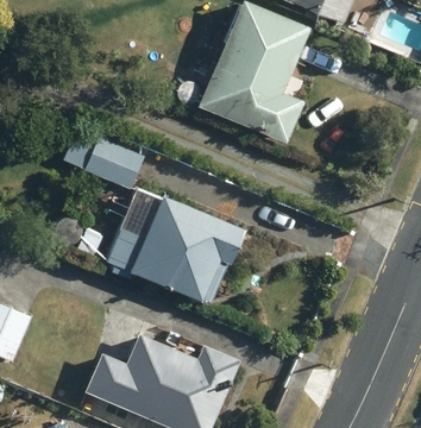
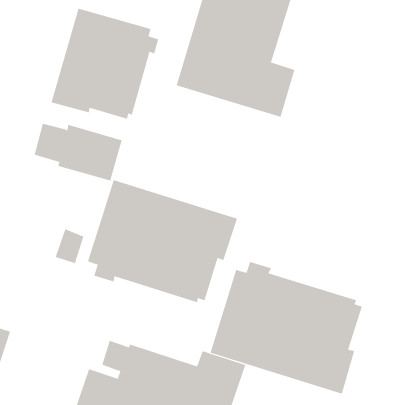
building: none -> [51,8,159,119]
building: none -> [210,261,363,394]

